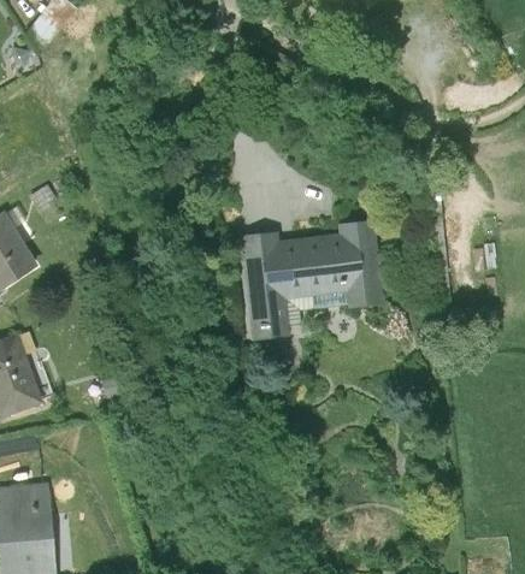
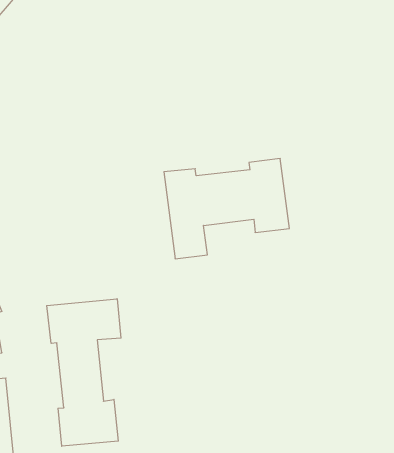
building: none -> [47,299,121,446]

